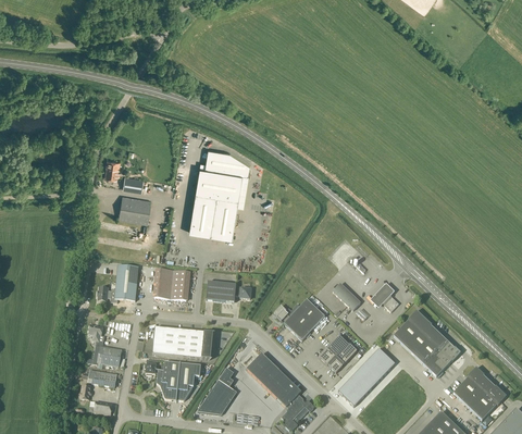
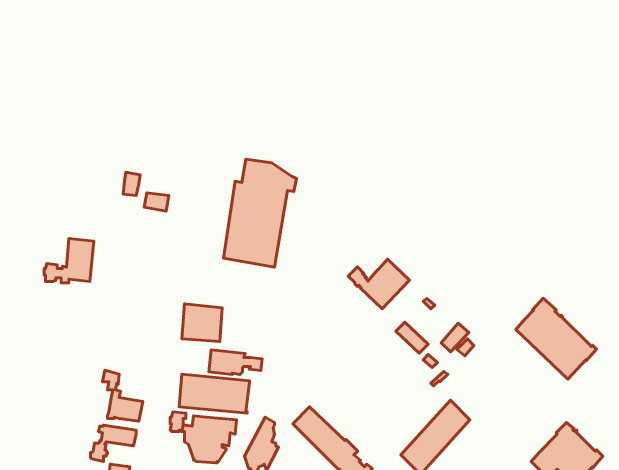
building: [119,194,151,222] -> none
building: [97,264,138,301] -> [44,239,94,283]
building: [206,281,250,301] -> [209,350,262,374]
building: [273,298,324,339] -> [348,259,410,309]
building: [393,309,460,376] -> [516,298,597,379]
building: [318,335,357,372] -> none

